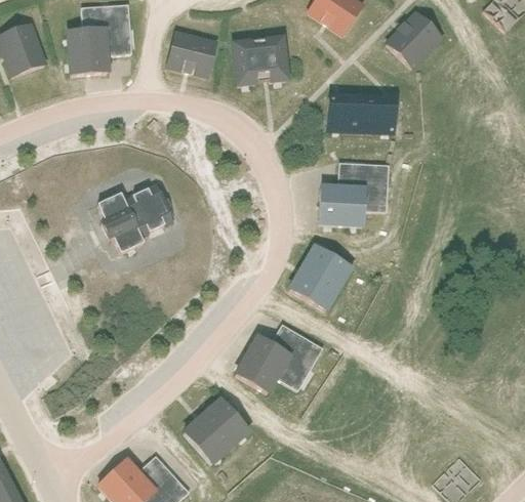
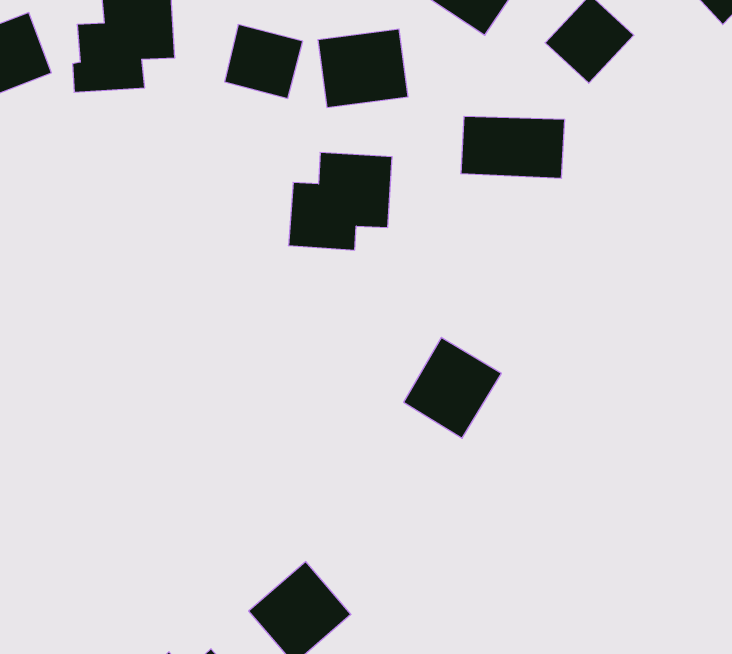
building: [318,161,389,227] -> [288,152,392,250]
building: [96,181,174,254] -> none
building: [234,323,323,392] -> none

